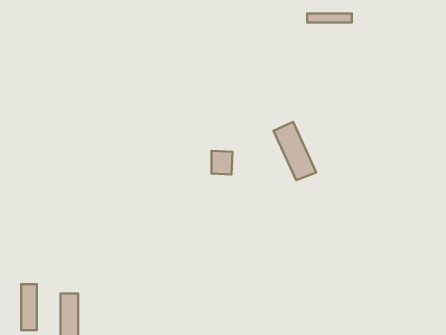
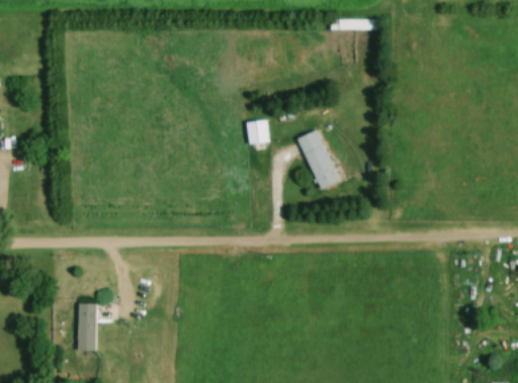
building: [212,151,232,175] -> [246,120,267,145]
building: [21,284,37,330] -> none

